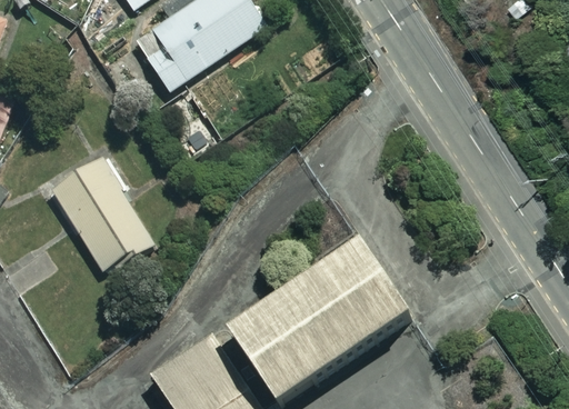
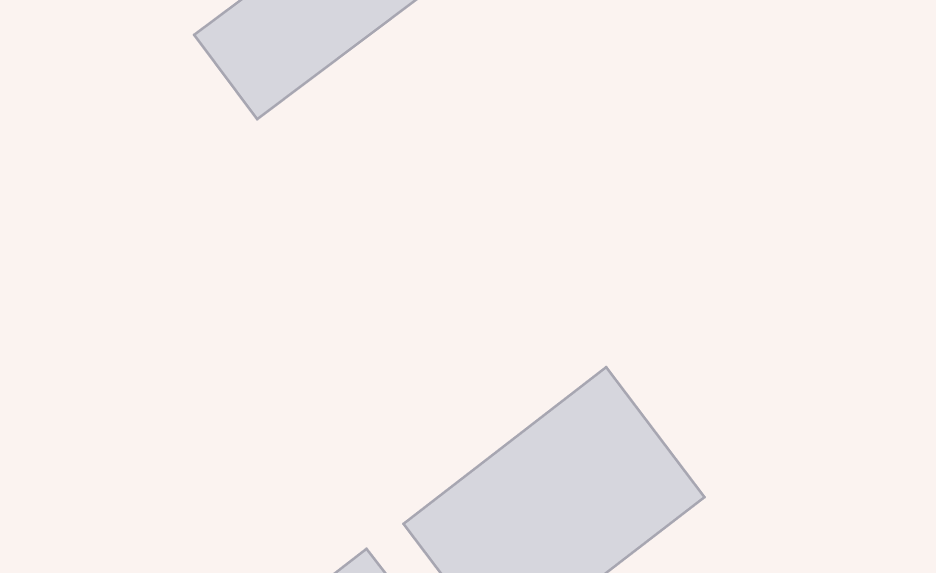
building: [49,153,151,269] -> none

